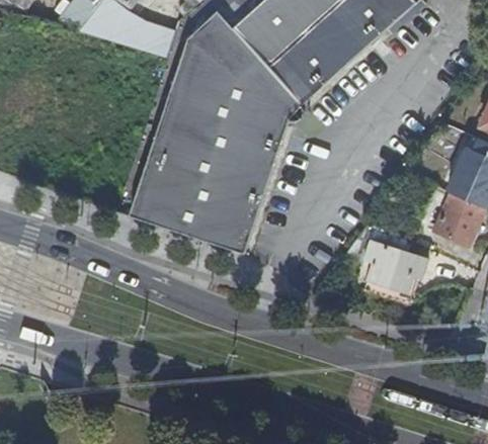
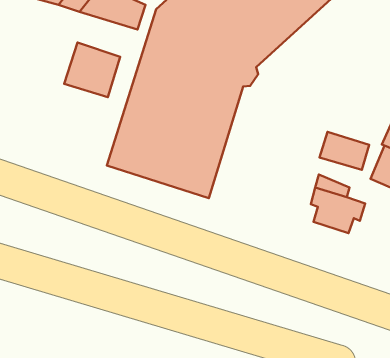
building: none -> [64,43,120,97]
building: none -> [320,132,369,170]

